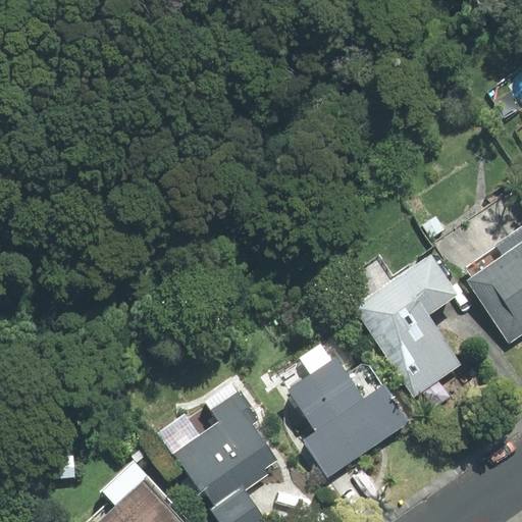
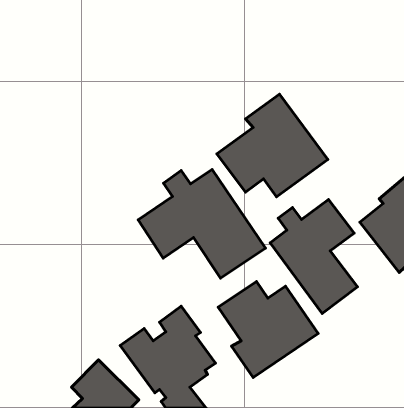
building: none -> [217,94,328,197]
building: none -> [138,170,265,278]

